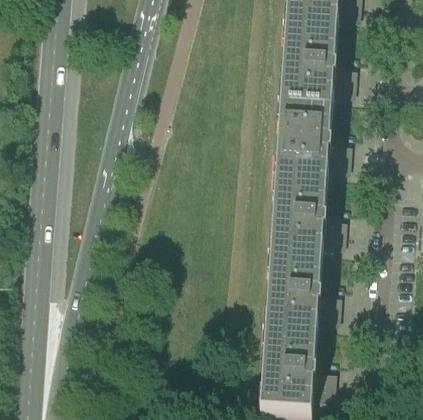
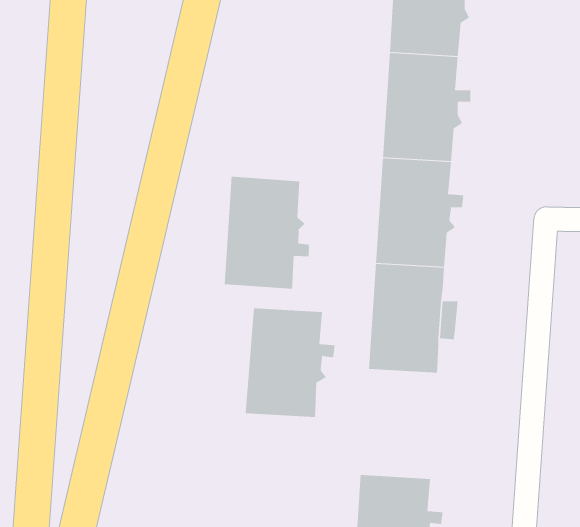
building: none -> [224,176,310,290]
building: [263,266,328,345] -> [245,308,335,418]

